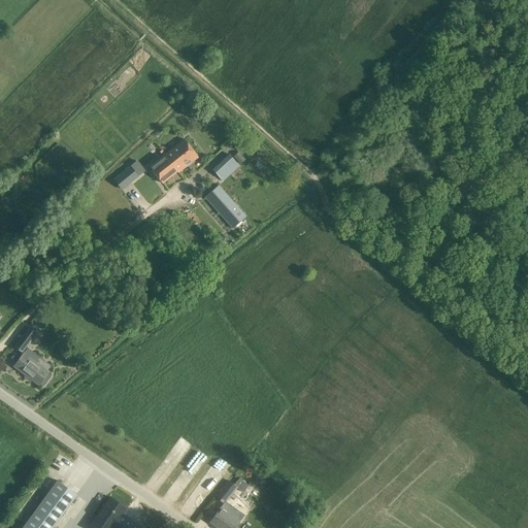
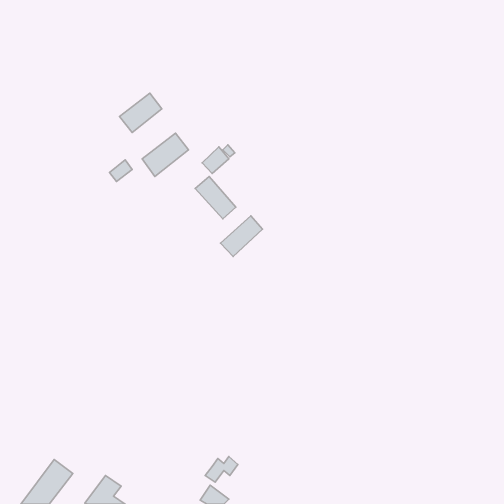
building: none -> [120,93,162,132]
building: none -> [220,216,262,257]
building: [13,328,51,386] -> none

